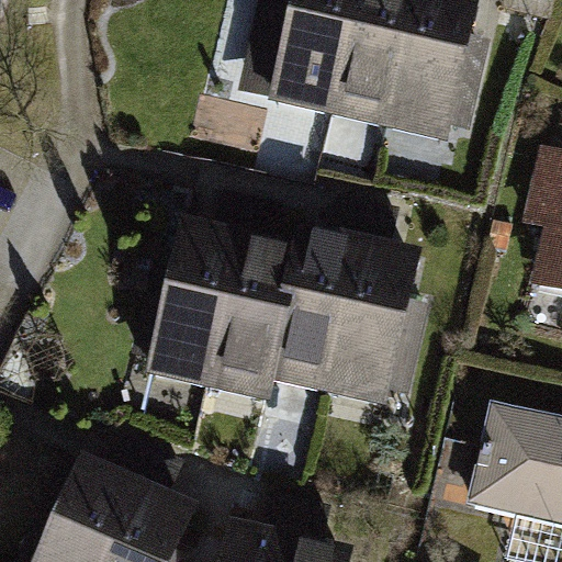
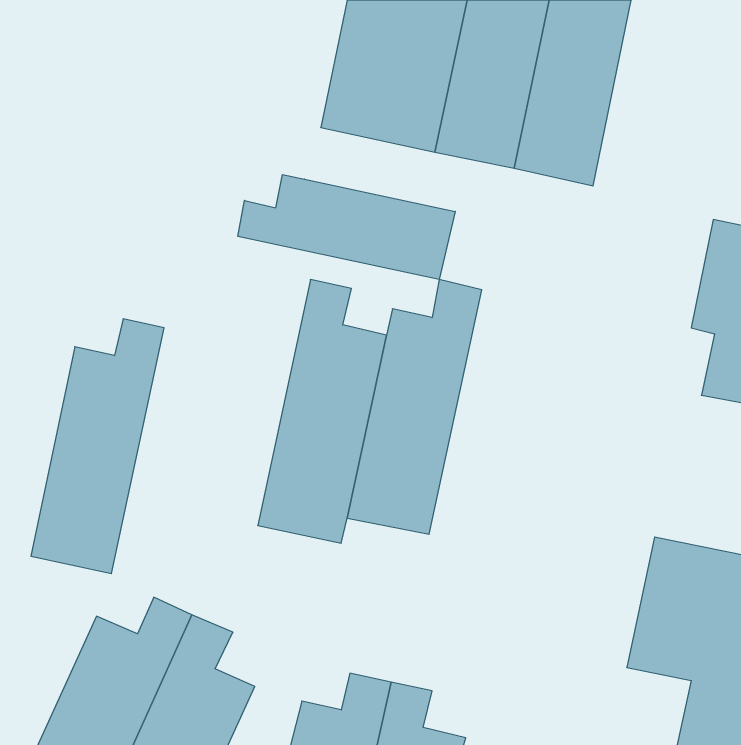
building: none -> [238,175,455,280]
building: [138,205,238,396] -> [31,319,164,574]
building: [327,220,423,416] -> none

